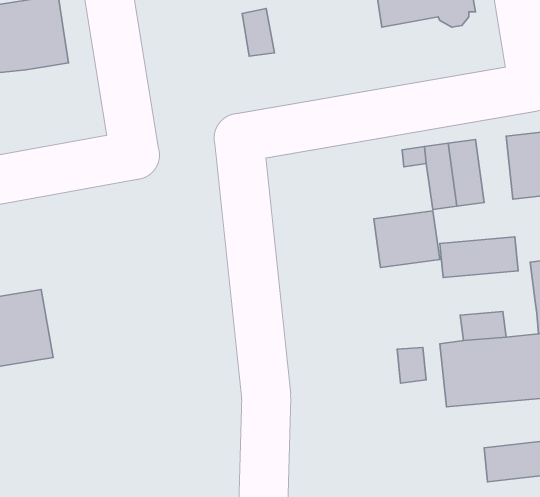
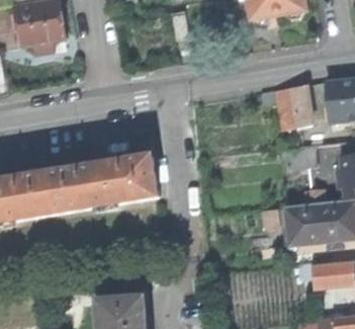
building: [374,211,440,267] -> none
building: none -> [50,158,159,216]

